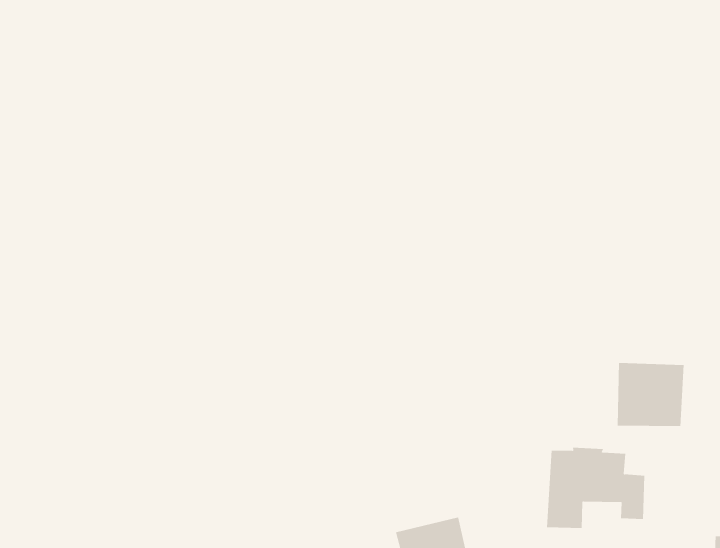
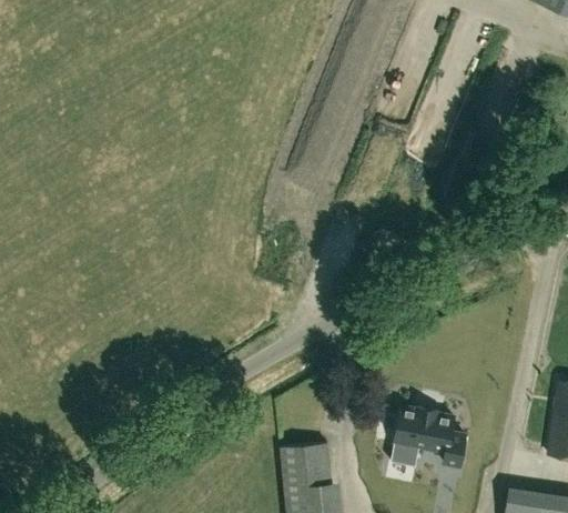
building: [617,362,684,427] -> none

